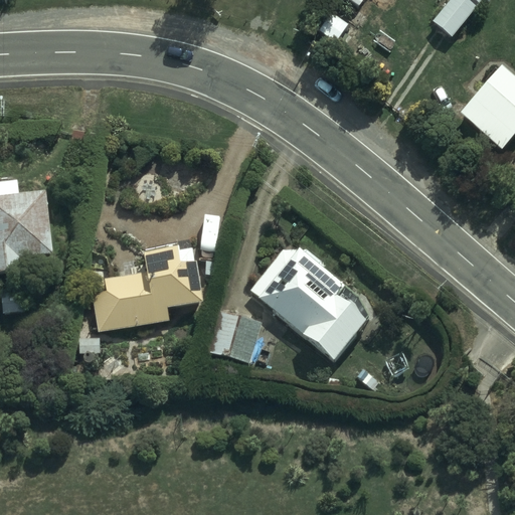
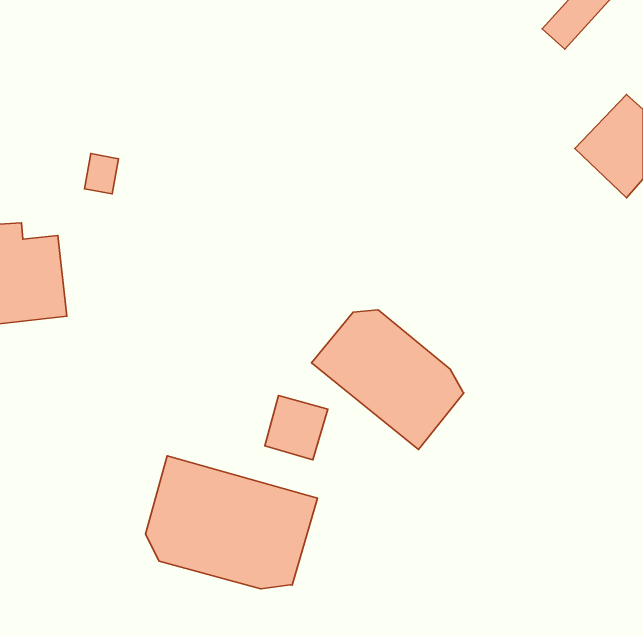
building: [88,241,199,333] -> none
building: none -> [145,456,317,589]

